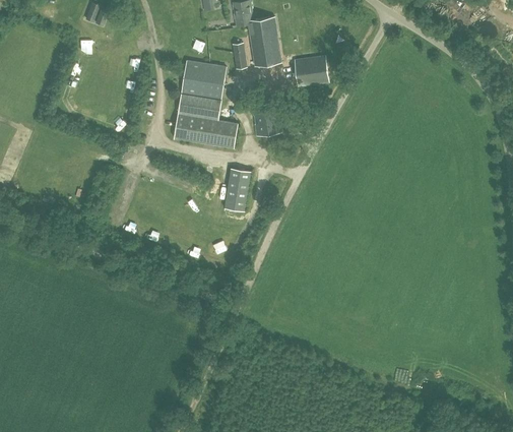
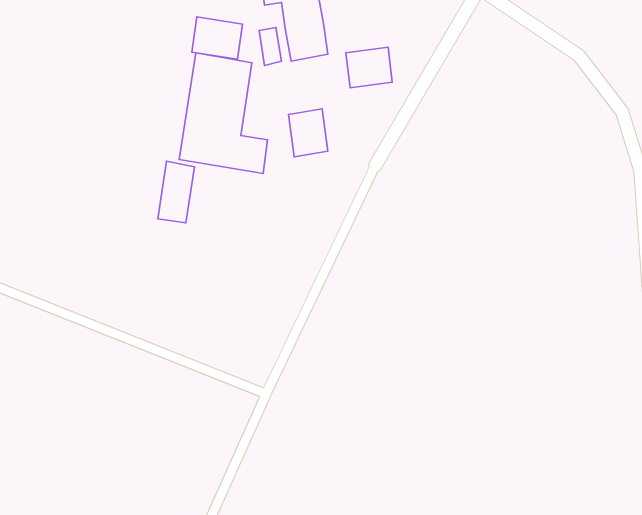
building: none -> [192,17,242,59]
building: [223,167,250,211] -> [158,161,194,223]

